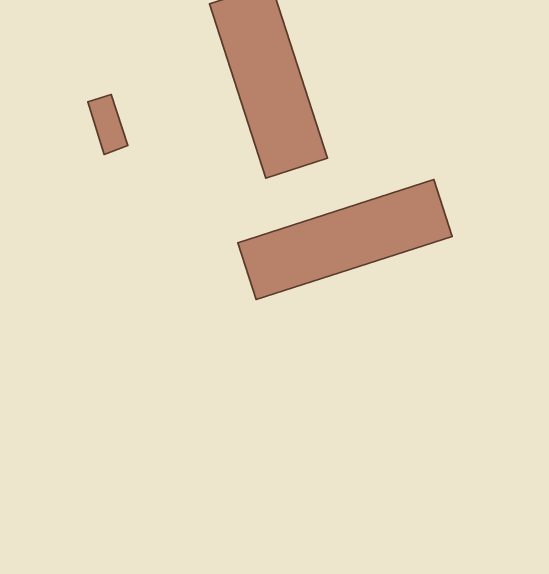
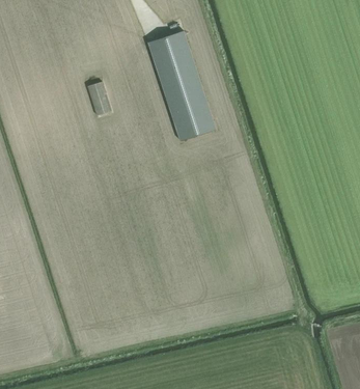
building: [238,180,452,300] -> none

